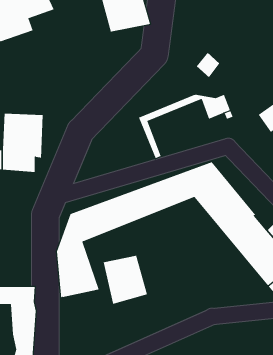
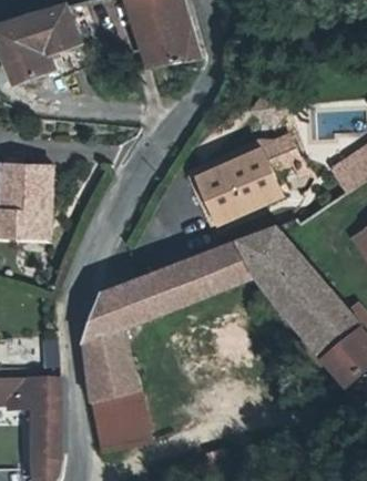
building: none -> [196,152,279,225]
building: [103,255,148,304] -> [91,387,146,448]

